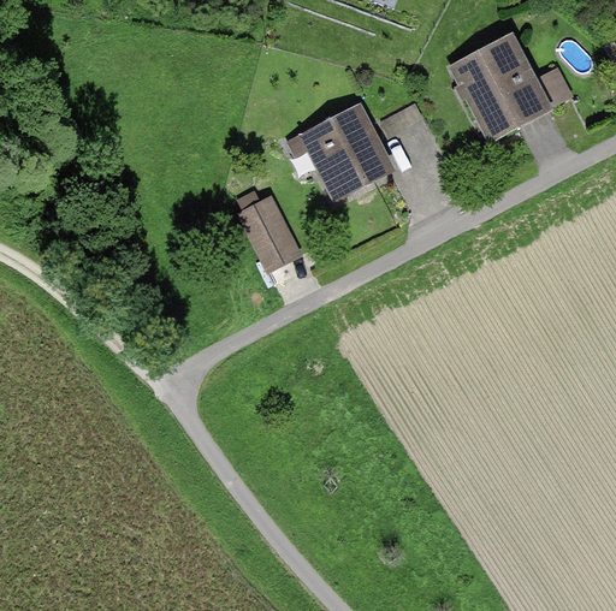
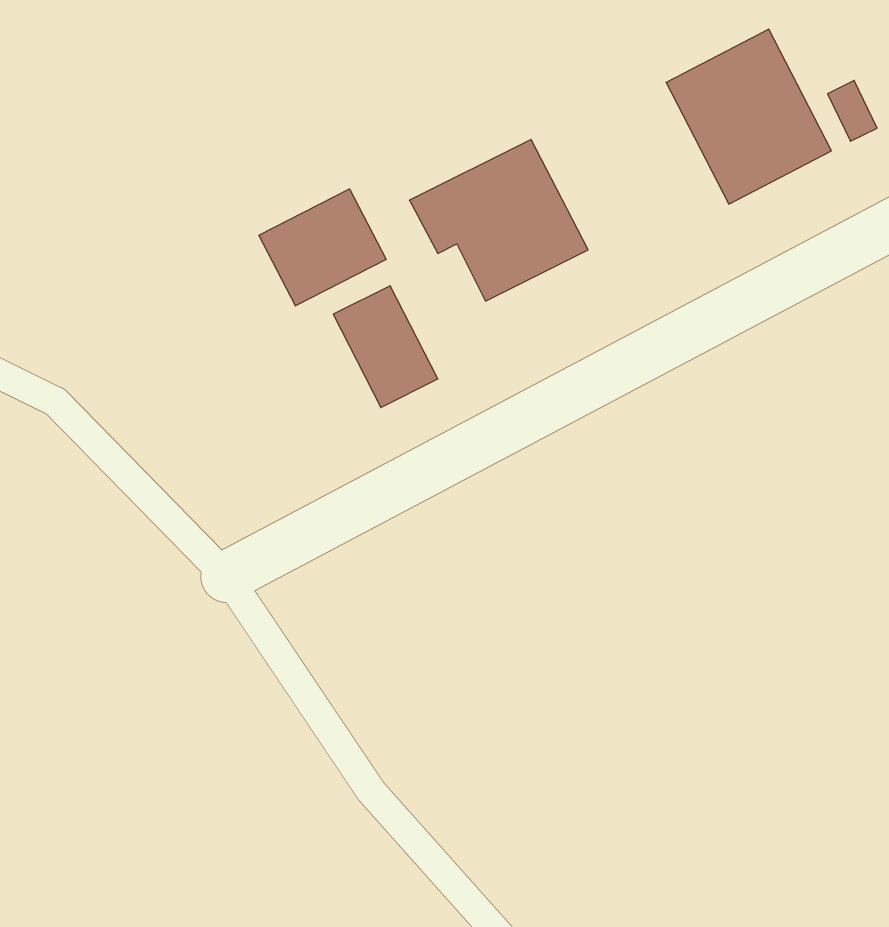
building: none -> [259,189,386,306]

